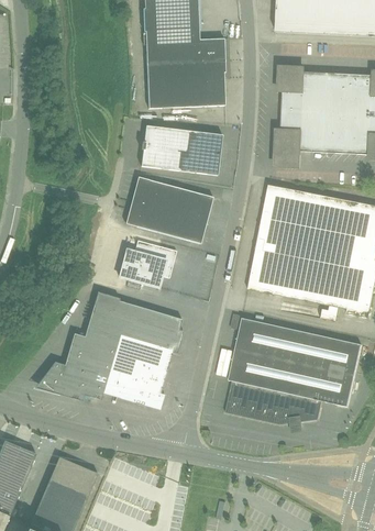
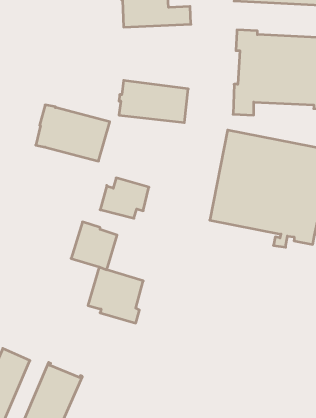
building: [146,58,225,108] -> none
building: [126,176,213,242] -> [36,105,110,161]
building: [126,306,184,359] -> none
building: [225,317,362,425] -> none
building: [40,332,118,398] -> none

